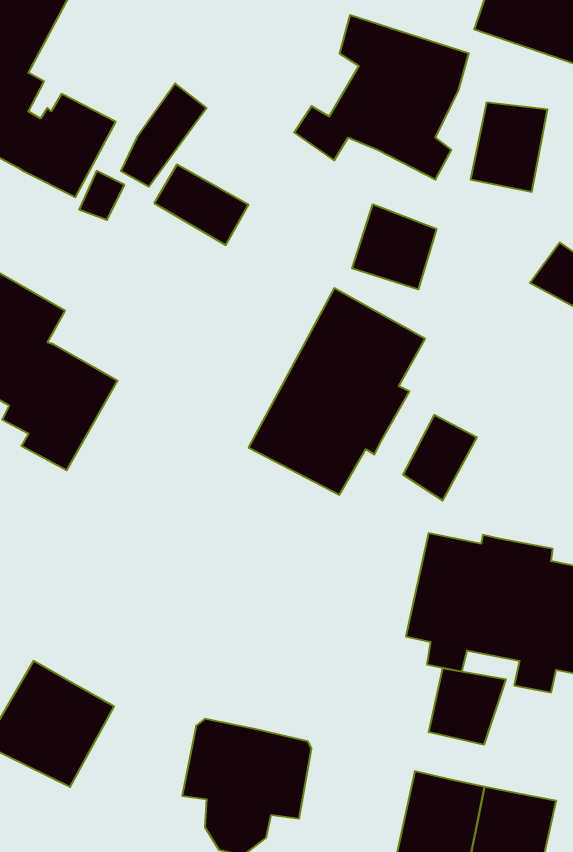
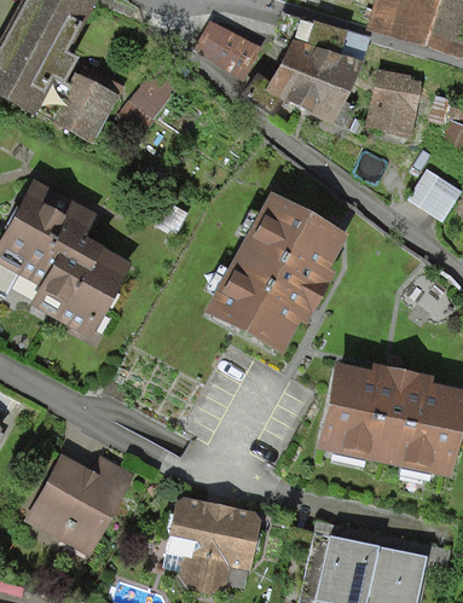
building: [154,165,249,245] -> [195,21,260,76]
building: [352,204,436,289] -> none
building: [403,415,477,501] -> none
building: [429,668,506,745] -> none

